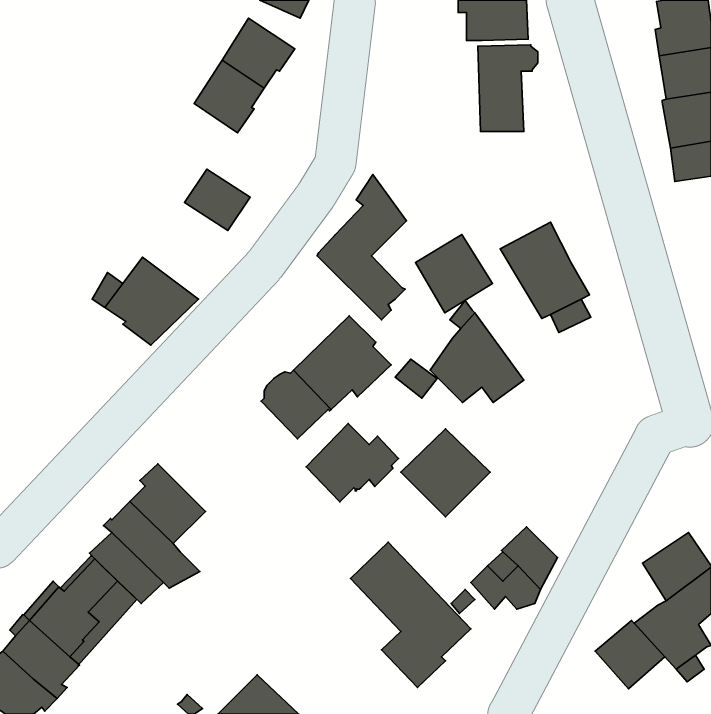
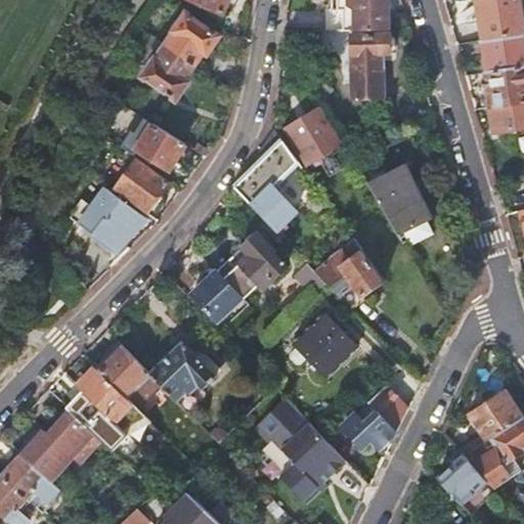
building: none -> [113,159,167,214]
building: [416,235,492,313] -> [285,107,341,165]
building: [306,424,398,502] -> [150,343,218,400]

